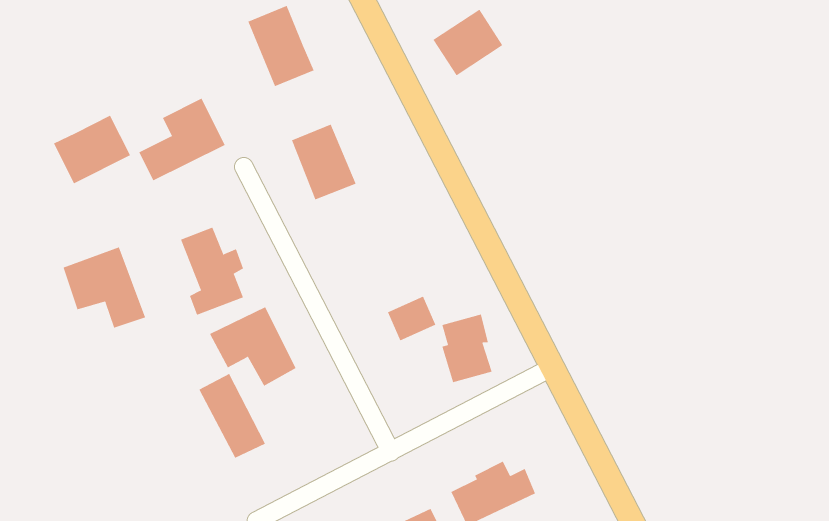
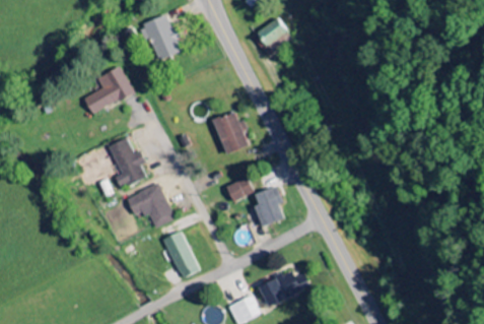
building: [53,115,131,184] -> none
building: [291,124,356,200] -> [213,111,250,153]
building: [63,247,146,329] -> none
building: [199,373,266,458] -> [161,231,199,278]

